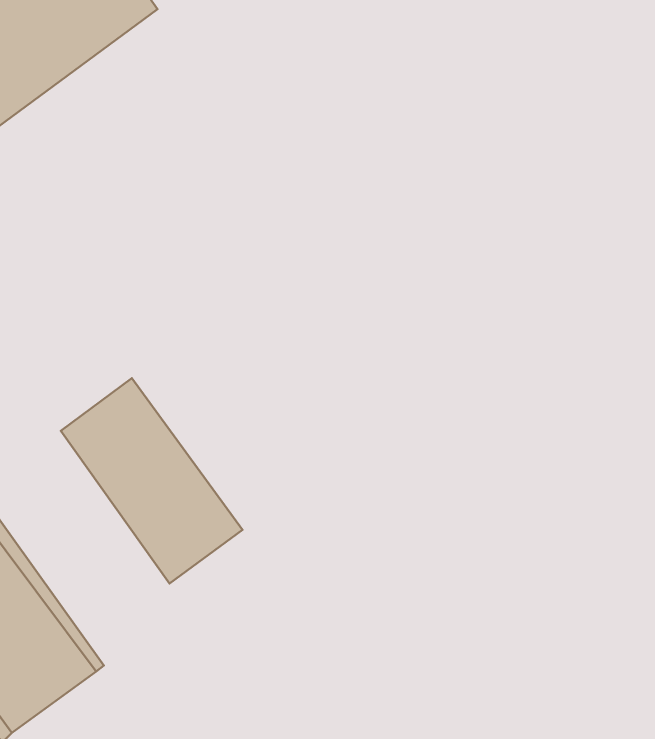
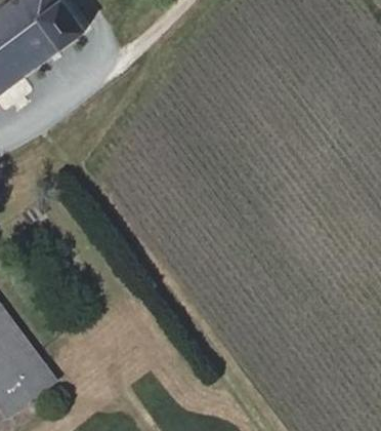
building: [61,378,243,584] -> none

